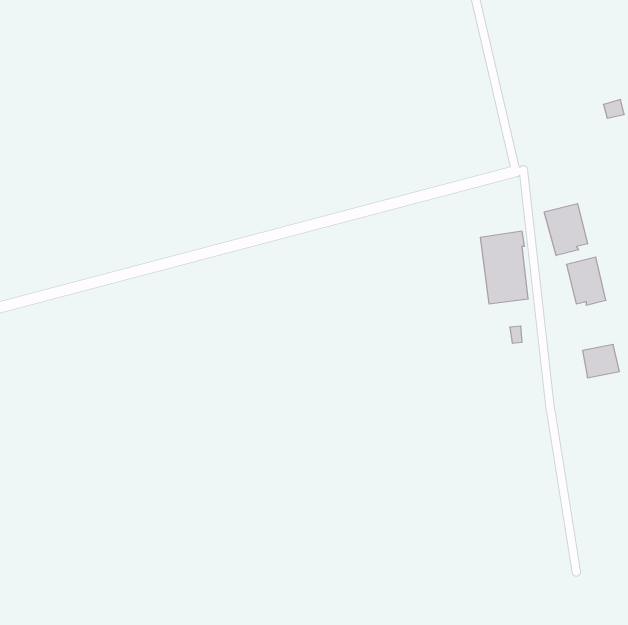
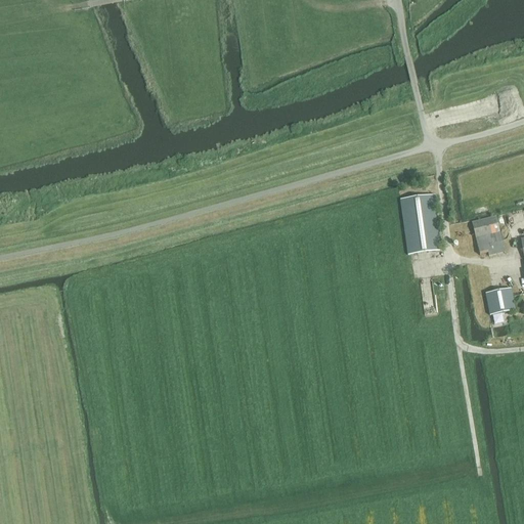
building: [544,204,588,256] -> none

